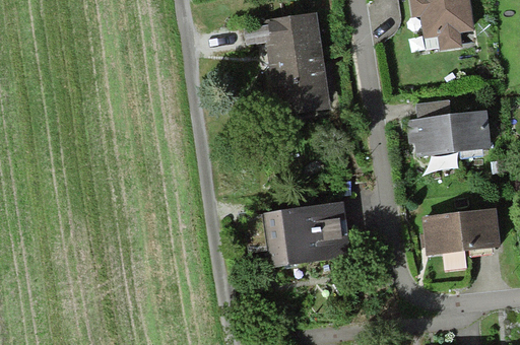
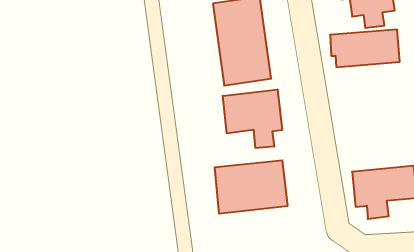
building: [408,112,490,155] -> [330,30,400,67]
building: none -> [223,89,282,148]

